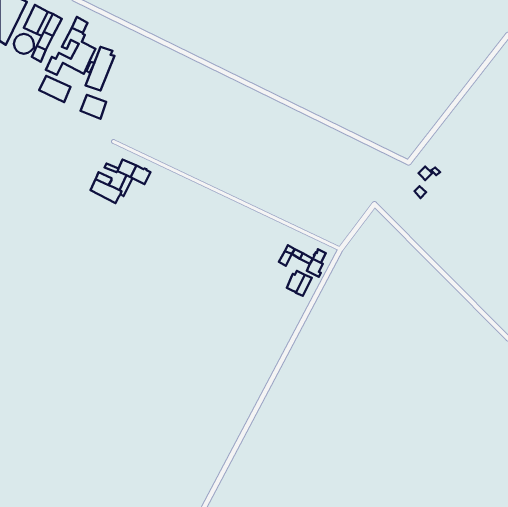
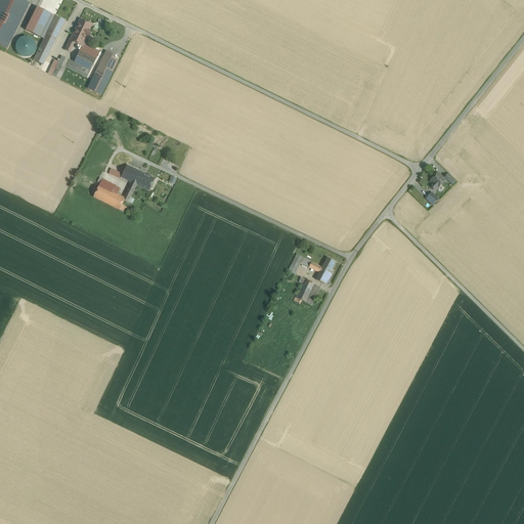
building: [39,76,71,102] -> none
building: [80,95,106,119] -> none

